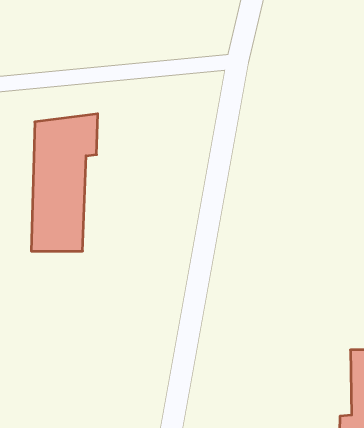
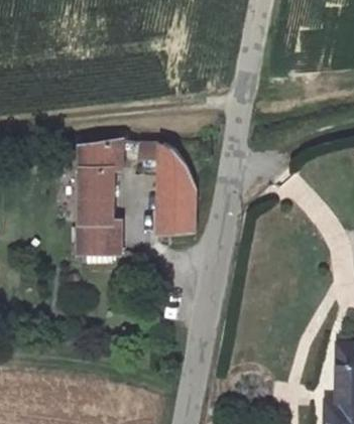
building: none -> [138,137,197,234]

